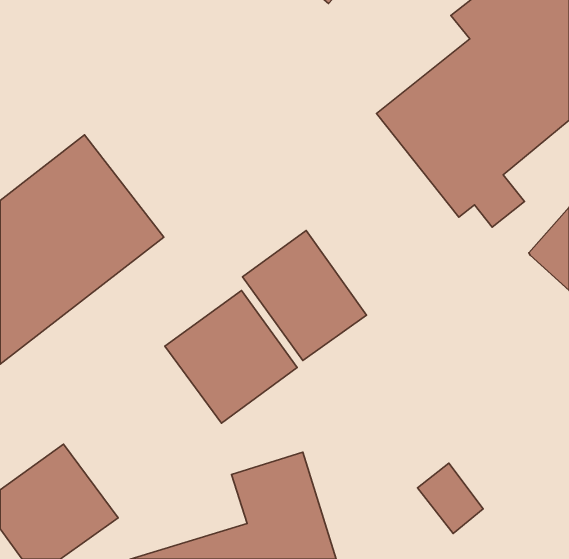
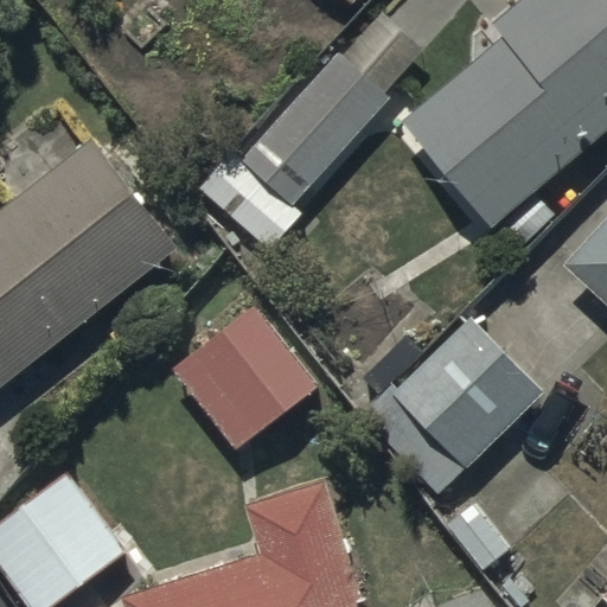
building: none -> [194,13,421,243]
building: [242,231,367,360] -> none
building: none -> [358,318,541,492]

